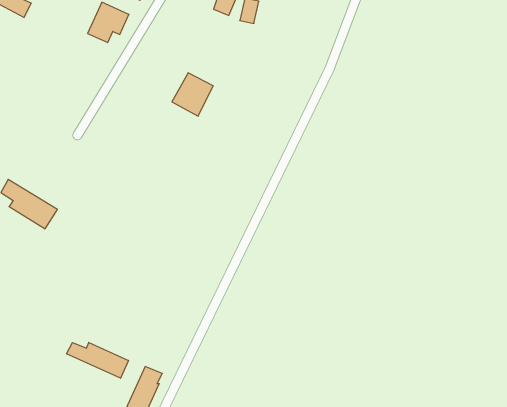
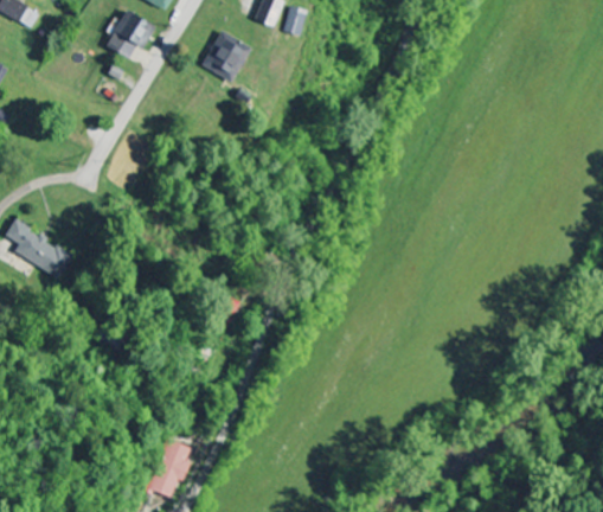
building: [172,73,213,116] -> [200,30,249,81]
building: [67,342,128,378] -> none

